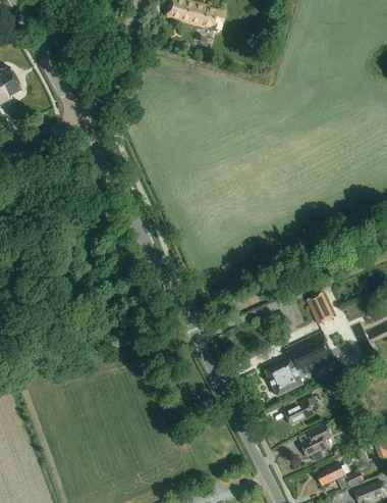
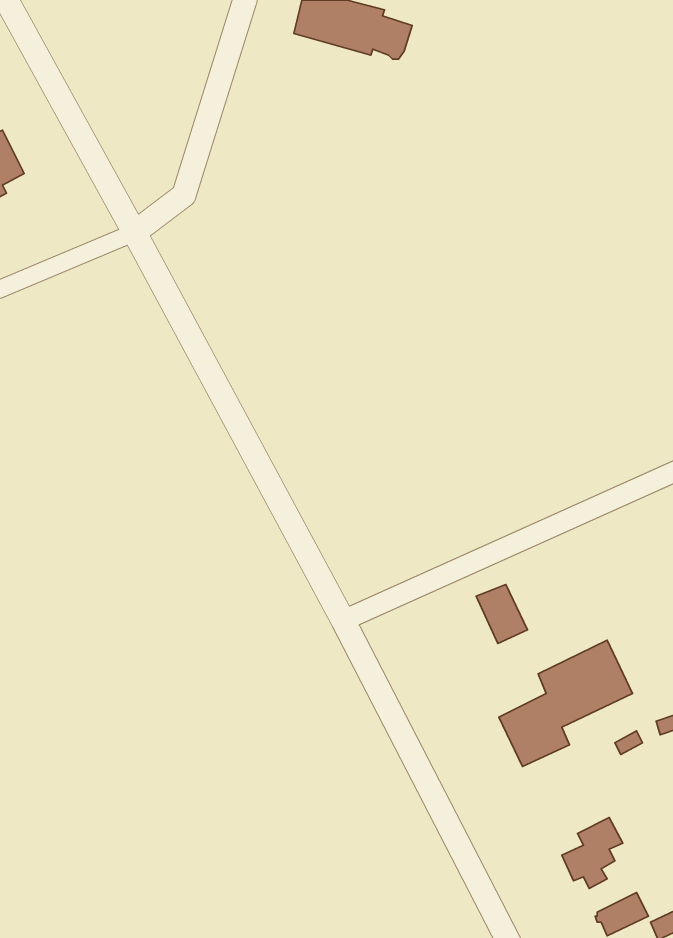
building: [307,294,333,324] -> [476,584,527,643]
building: [285,395,317,423] -> none

